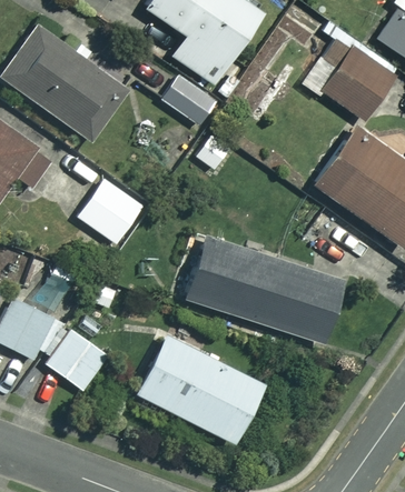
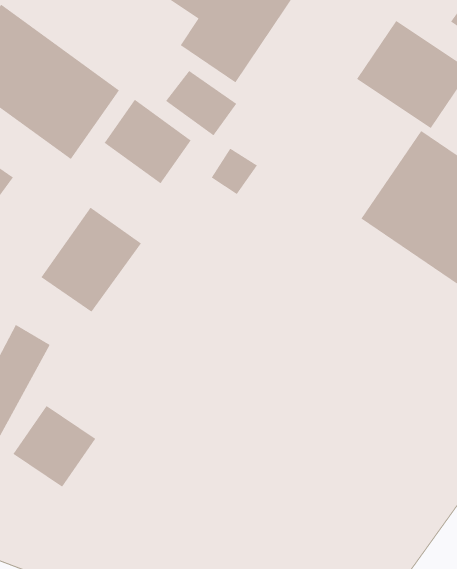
building: none -> [104,99,192,184]
building: [187,238,344,343] -> none
building: [137,334,266,443] -> none

